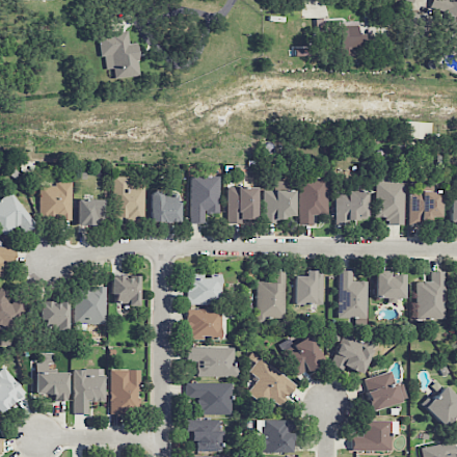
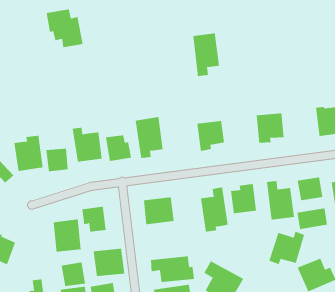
building: [376,173,404,225] -> none
building: [299,174,328,224] -> [193,33,220,77]
building: [227,187,258,221] -> none
building: [42,301,69,328] -> [61,262,86,286]
building: [187,308,222,341] -> [93,248,125,277]
building: none -> [297,208,328,230]
building: [283,337,324,376] -> none

